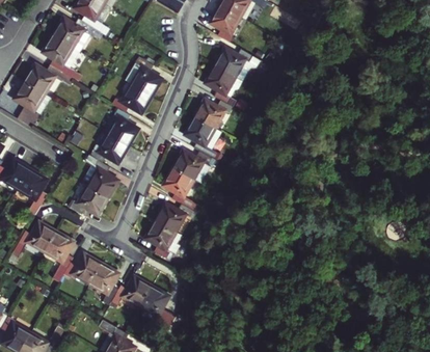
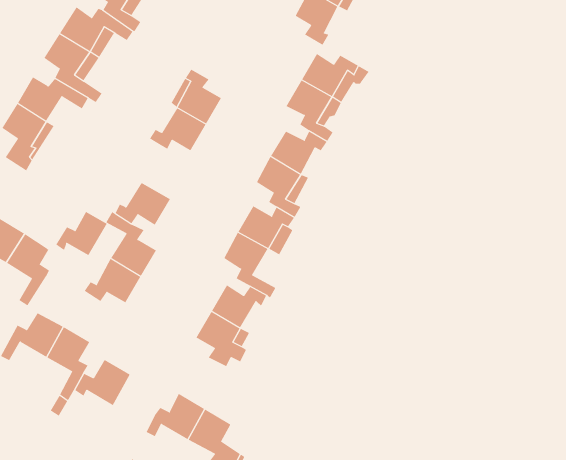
building: [107,108,137,145] -> none
building: none -> [55,211,108,256]
building: [88,263,117,305] -> none

